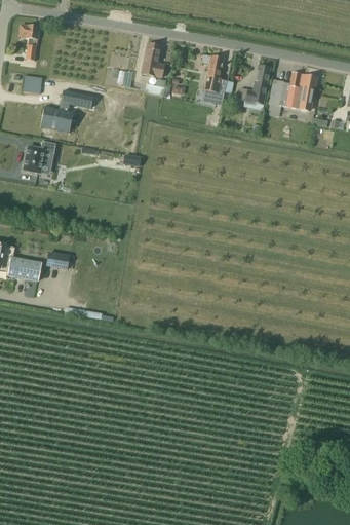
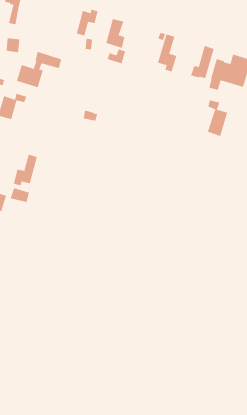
building: none -> [76,9,98,36]
building: none -> [207,99,228,137]
building: none -> [13,154,37,186]

